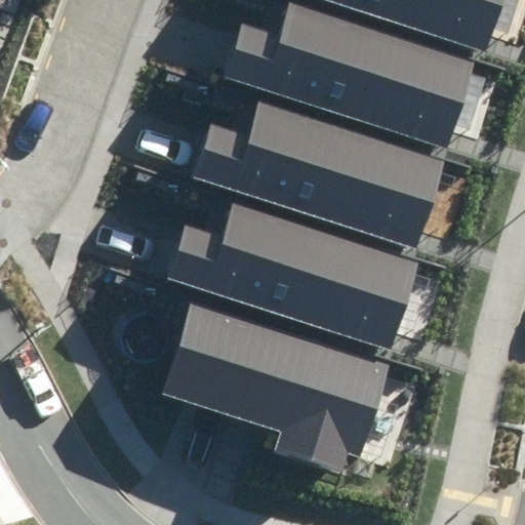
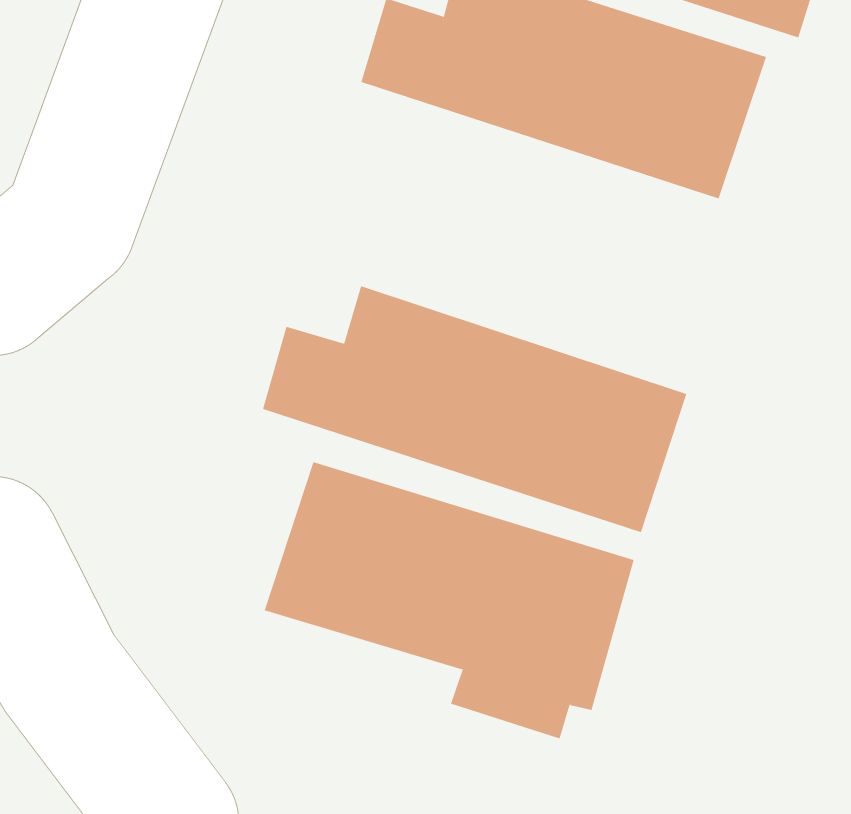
building: [199,102,444,248] -> none

